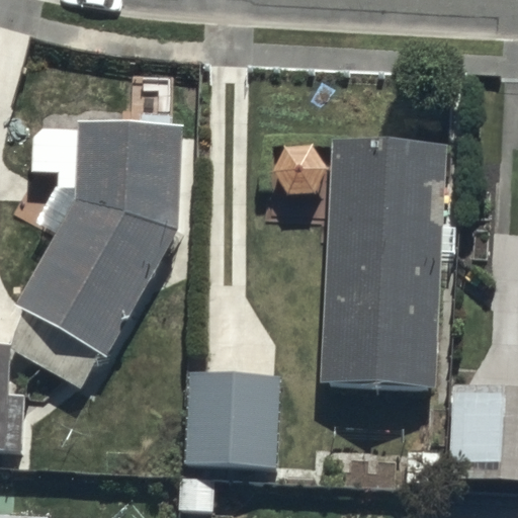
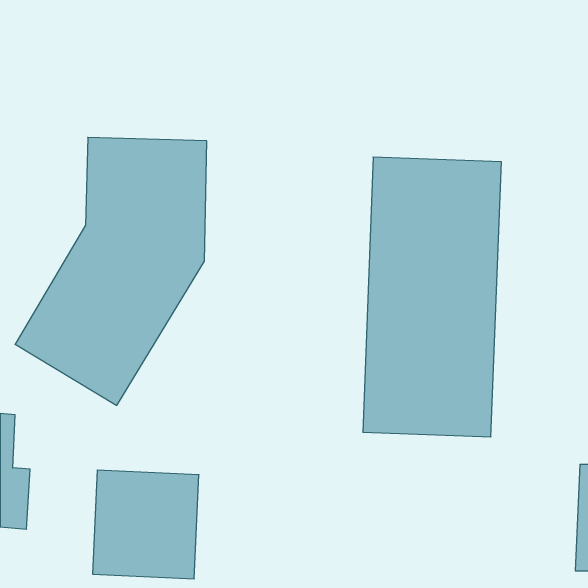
building: [192,388,285,484] -> [93,470,199,579]

